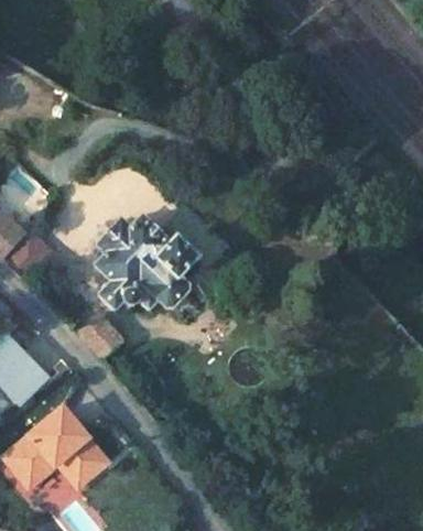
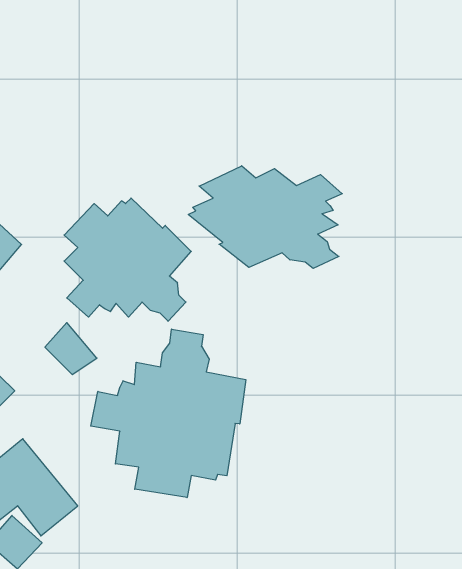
building: none -> [188,166,342,268]
building: none -> [91,329,246,498]

